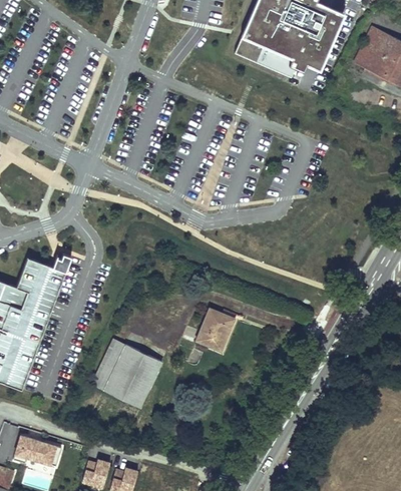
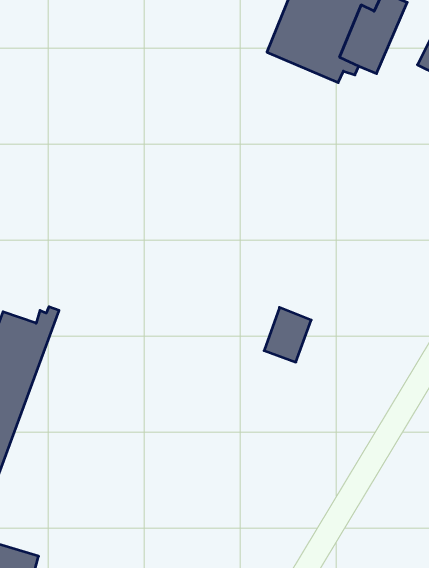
building: [195,307,233,350] -> [264,307,311,362]
building: [93,341,162,409] -> none

